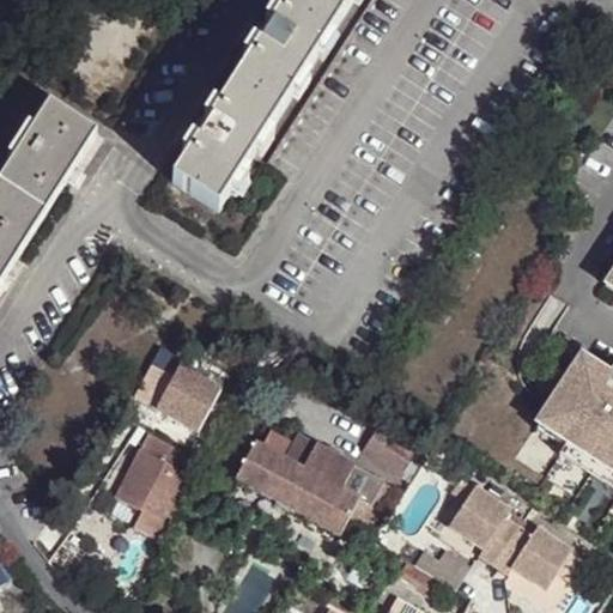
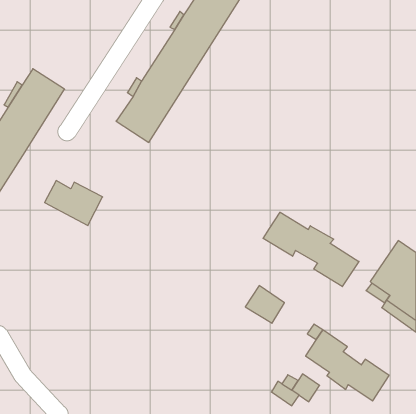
building: none -> [263,212,359,287]
building: [133,363,218,429] -> [45,181,103,226]
building: [233,426,395,533] -> none
building: [113,429,190,538] -> none

